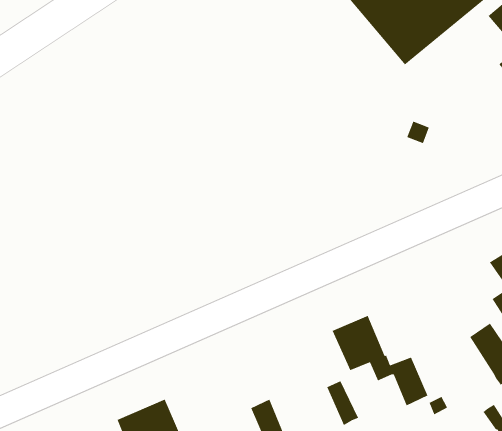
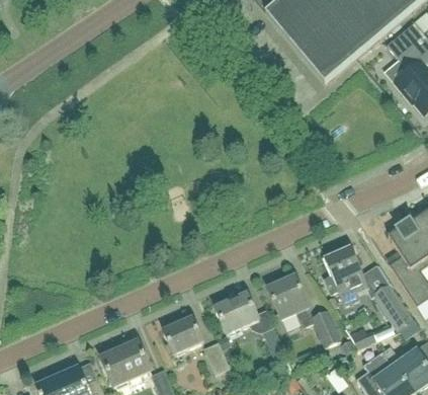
building: none -> [323,246,367,304]
building: none -> [212,292,258,334]
building: none -> [162,316,202,353]

